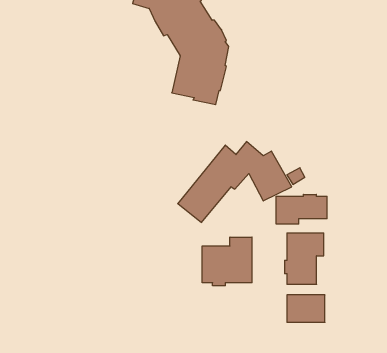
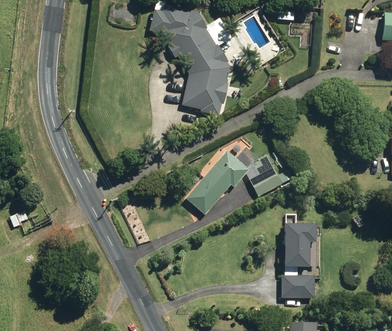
building: [276,194,327,224] -> none
building: [202,237,252,286] -> none

